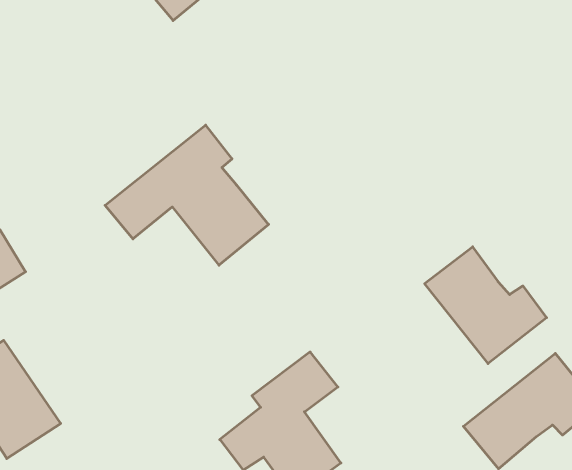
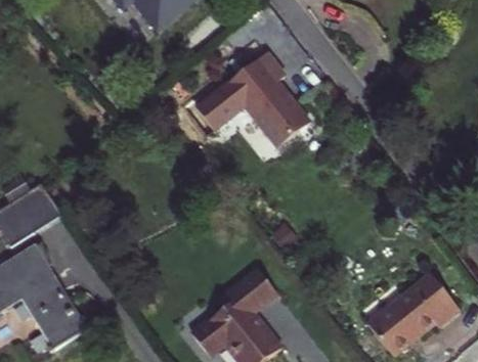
building: [105,125,269,265] -> [199,53,313,151]
building: [425,247,547,364] -> none

